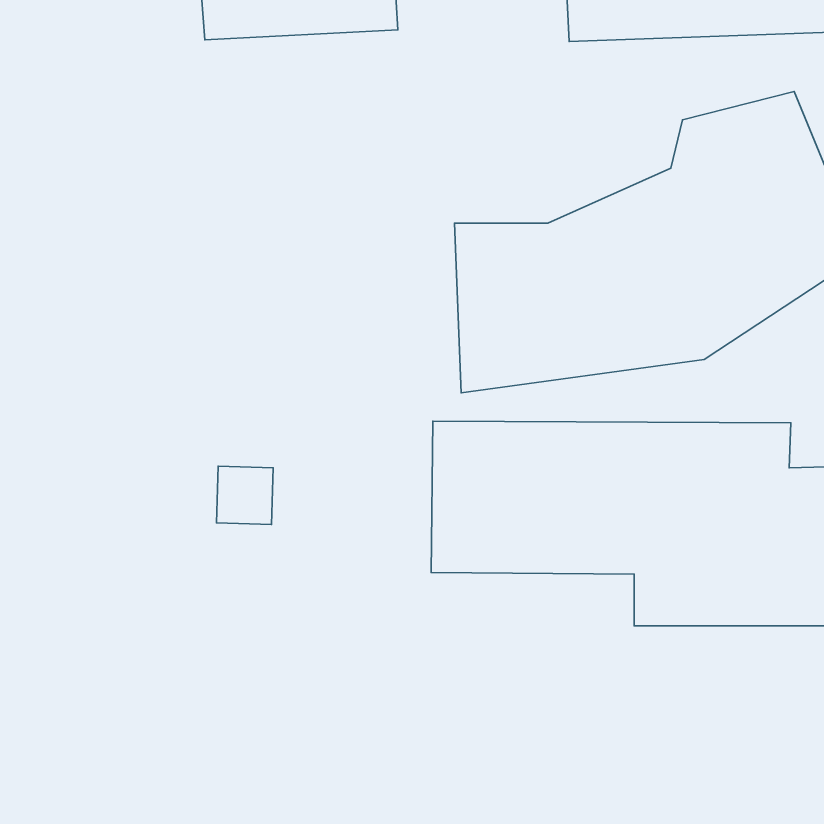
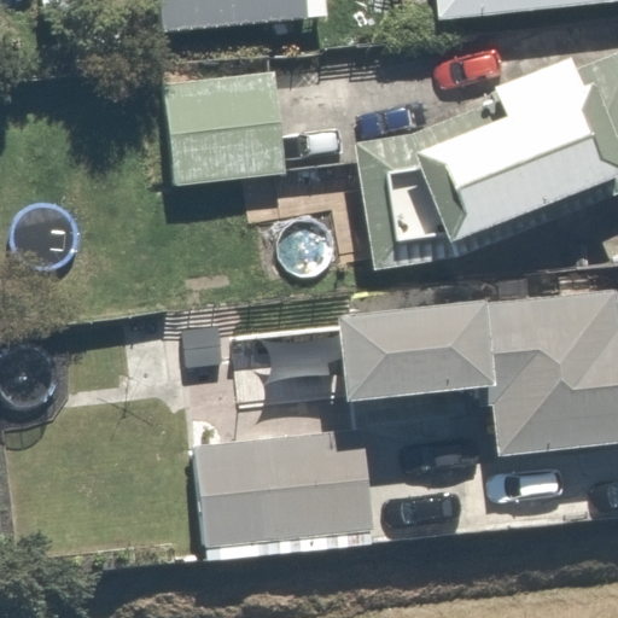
building: none -> [161,95,279,199]
building: none -> [187,454,361,550]

